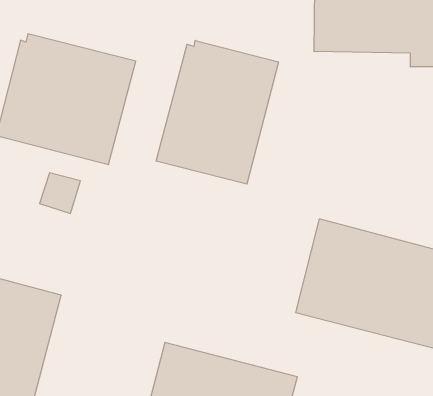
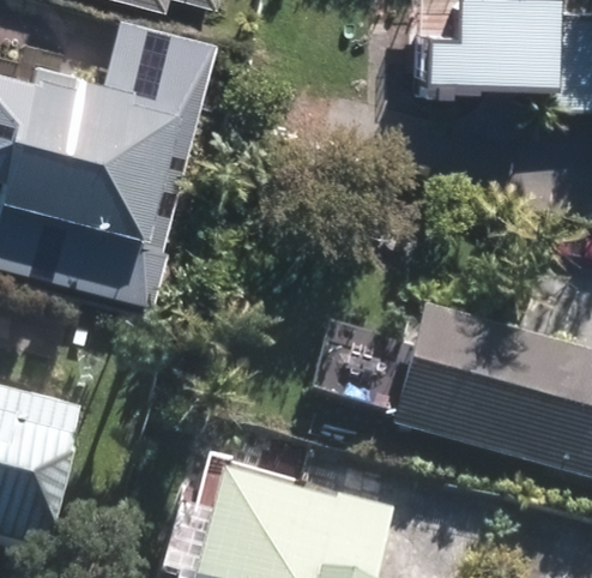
building: [156,40,279,184] -> none

